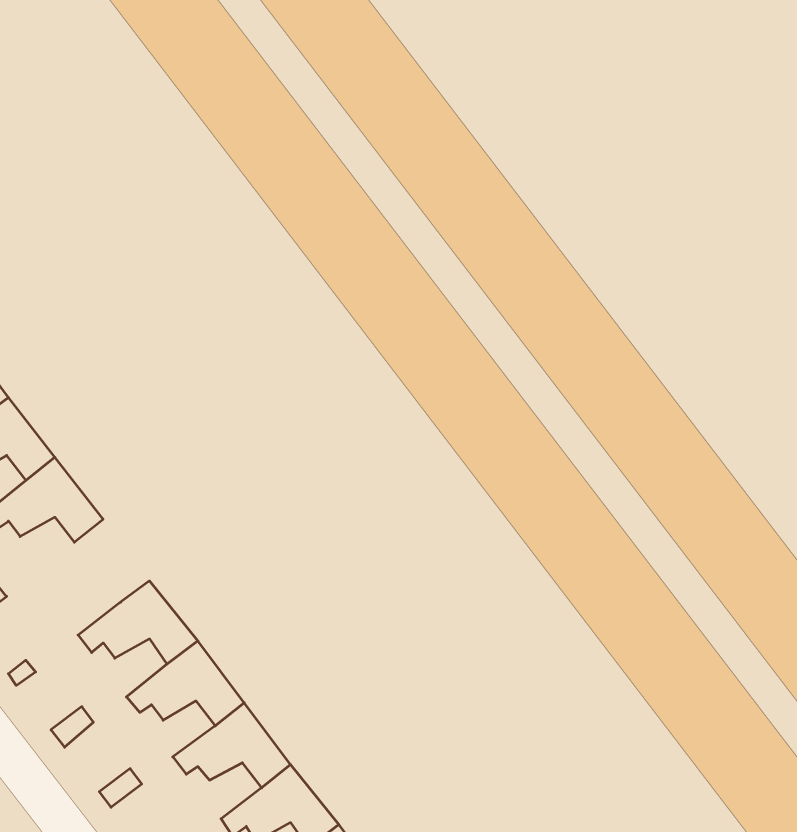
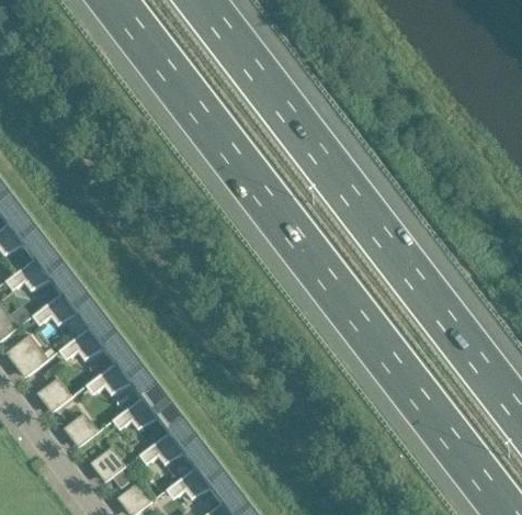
building: none -> [63,315,129,362]

